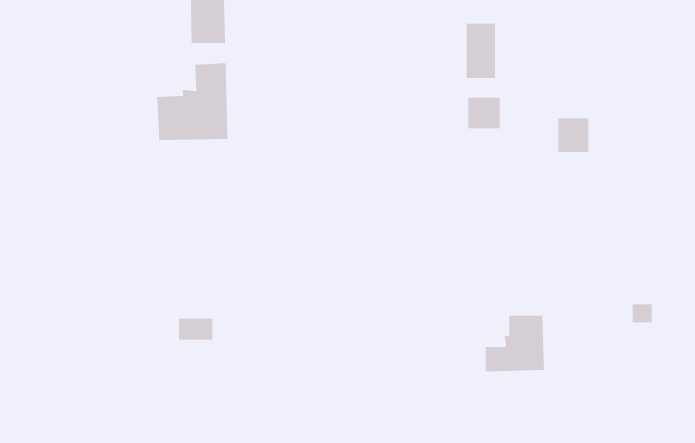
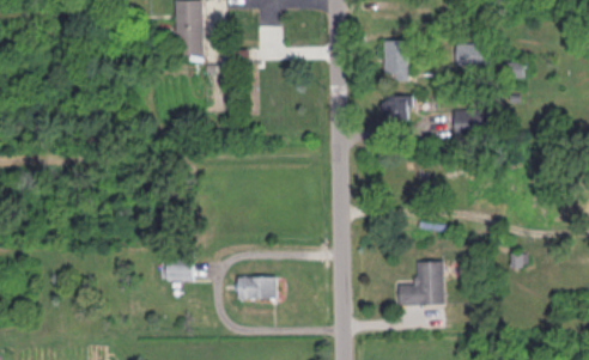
building: none -> [455,43,488,67]
building: [157,63,228,141] -> none
building: none -> [238,275,277,297]

